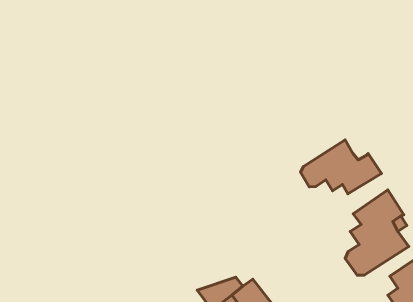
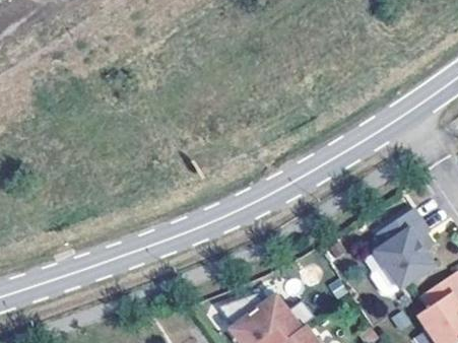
building: [301,140,381,194] -> none

